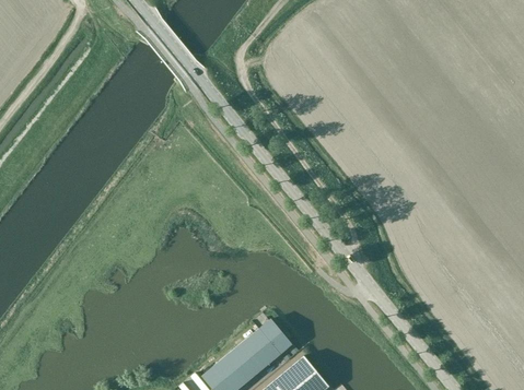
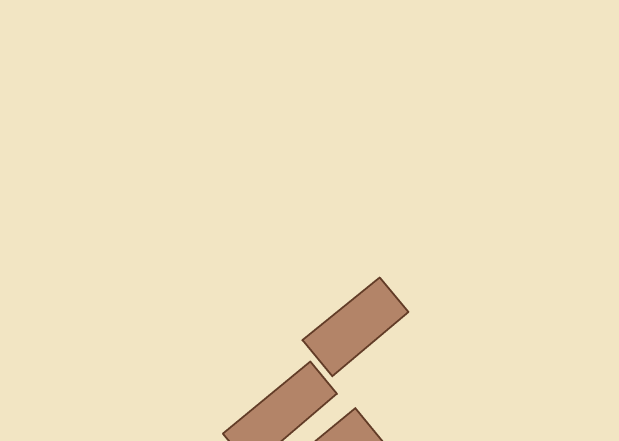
building: none -> [302,278,408,376]

